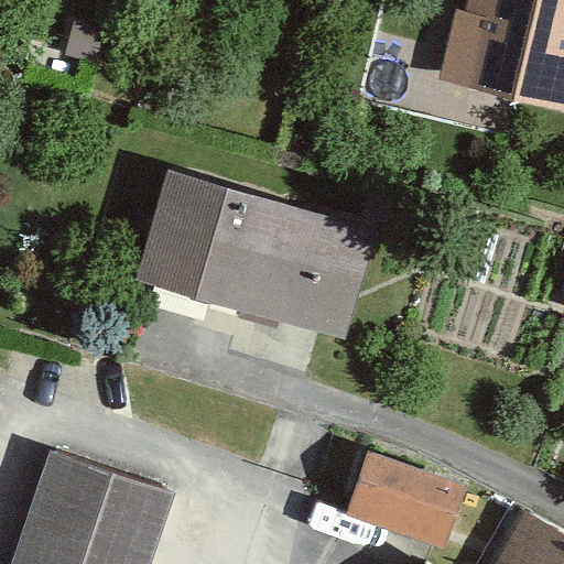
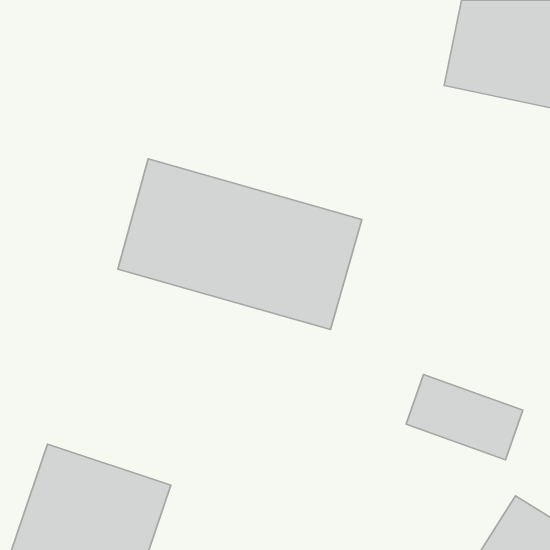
building: [333,451,452,538] -> [406,374,523,460]

